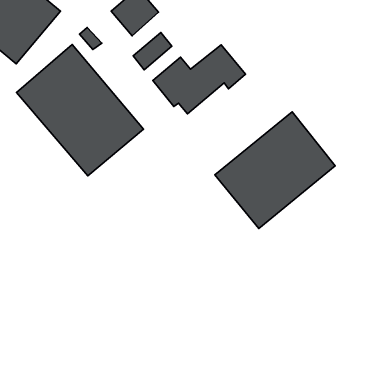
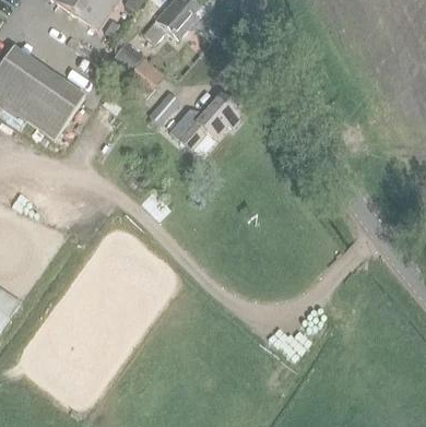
building: [17,44,144,176] -> none
building: [215,112,335,228] -> none

